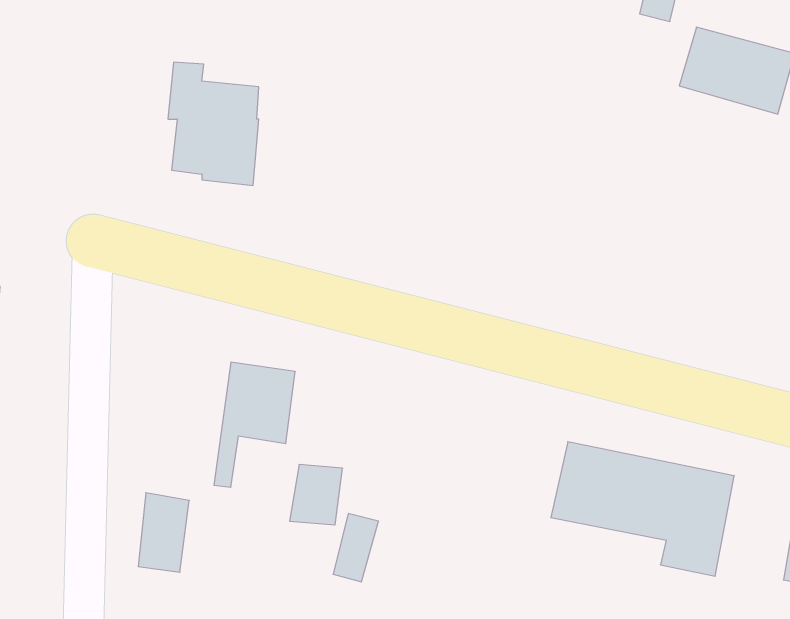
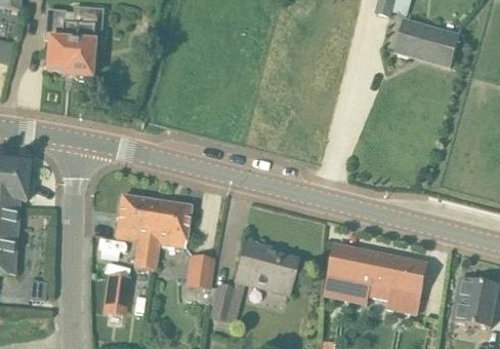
building: [168,62,259,185] -> [44,10,93,77]
building: none -> [117,196,154,268]
building: none -> [235,240,297,294]

